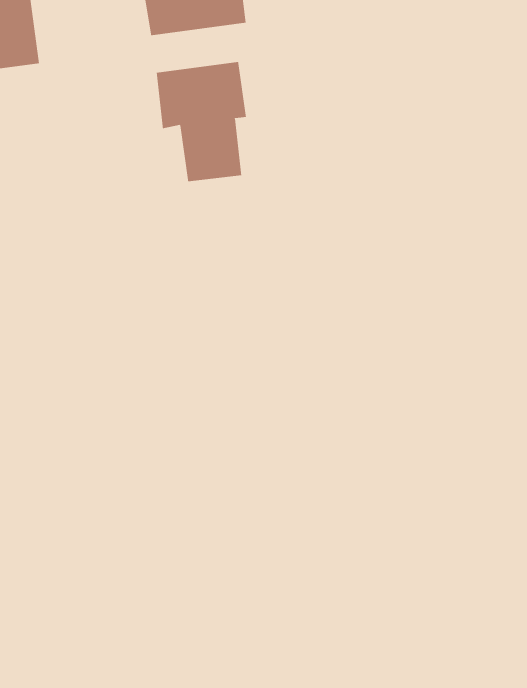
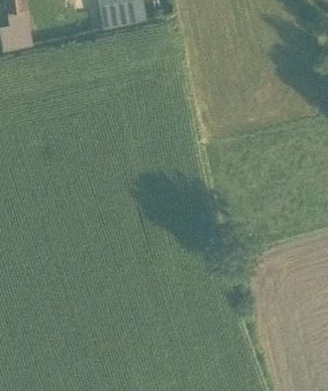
building: [156,61,247,182] -> none

